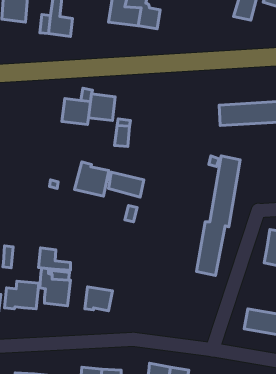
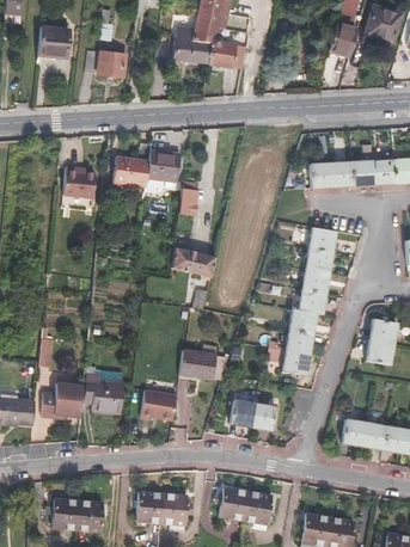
building: none -> [62,166,94,198]
building: [75,162,109,196] -> none
building: [39,248,71,270] -> none
building: none -> [178,349,228,380]
building: none -> [230,399,276,431]

